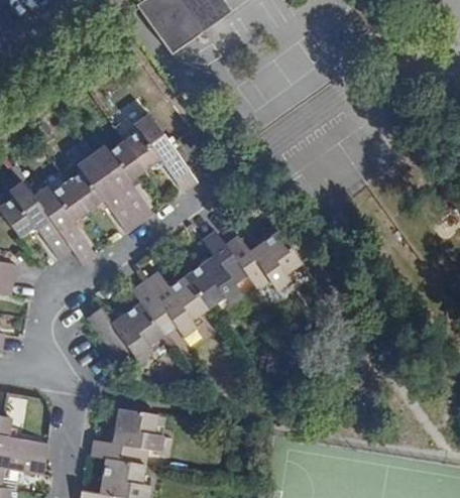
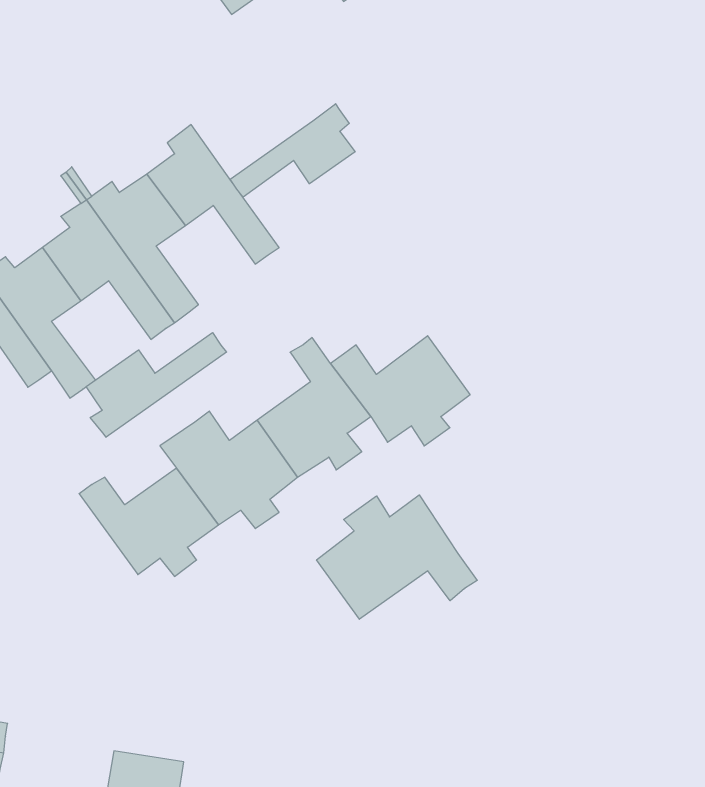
building: none -> [230,104,355,197]
building: none -> [86,333,227,437]
building: none -> [317,495,477,619]
building: [90,407,161,464] -> none

